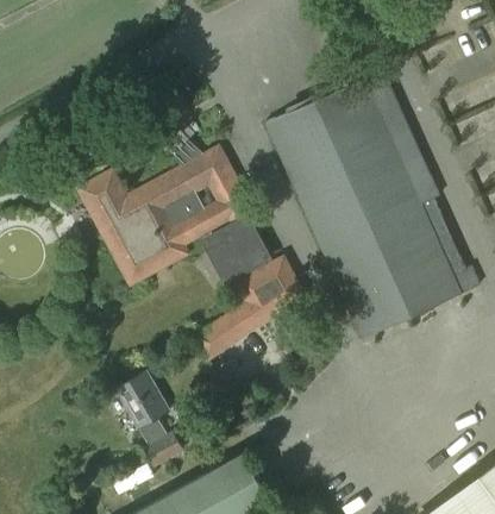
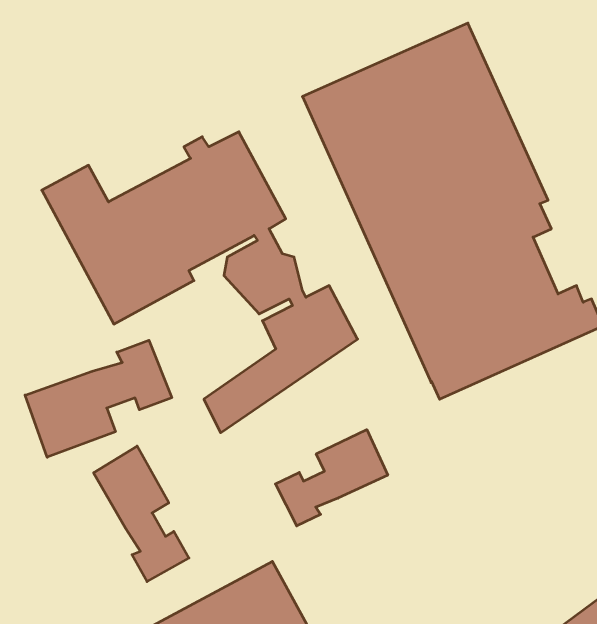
building: none -> [25,340,172,457]
building: none -> [275,430,388,526]

